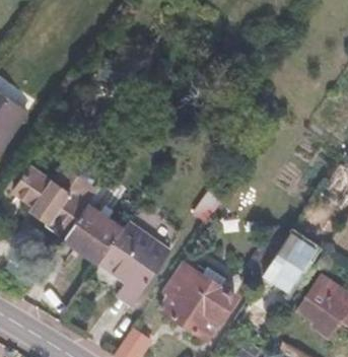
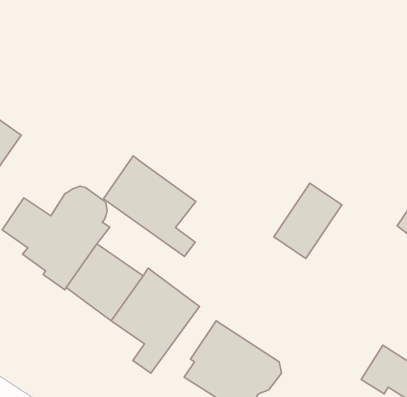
building: none -> [103,156,196,257]
building: [261,232,315,292] -> [274,183,342,259]

